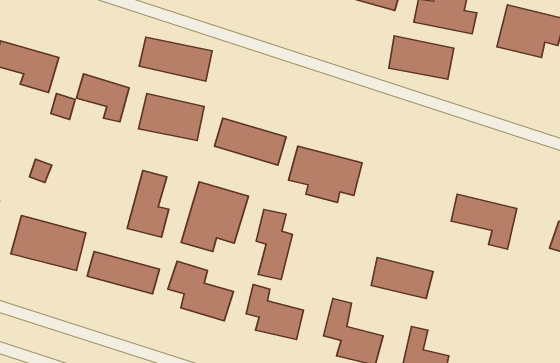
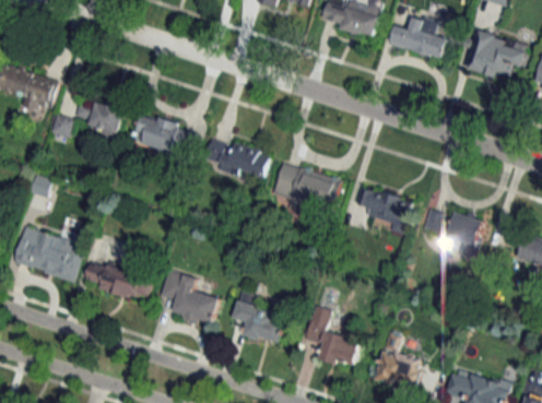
building: [389,36,454,79] -> none
building: [139,37,212,81] -> none
building: [127,170,169,237] -> none
building: [181,182,248,252] -> none
building: [256,209,292,280] -> none
building: [371,257,433,298] -> [357,188,415,226]

